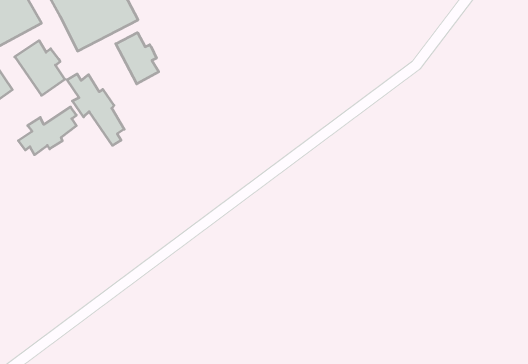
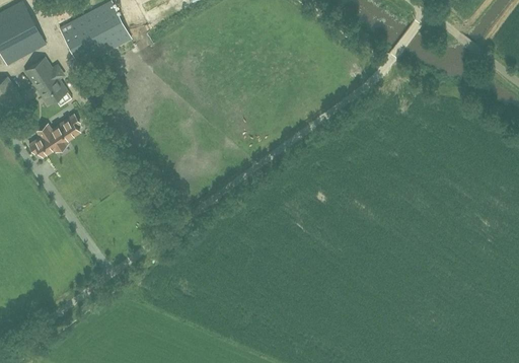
building: [116,33,159,84] -> none
building: [67,74,124,145] -> none

